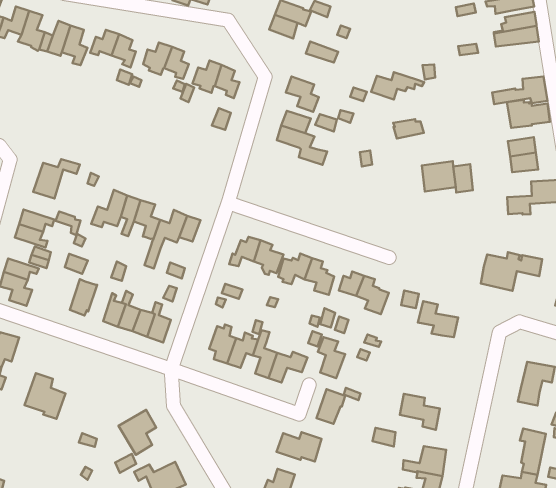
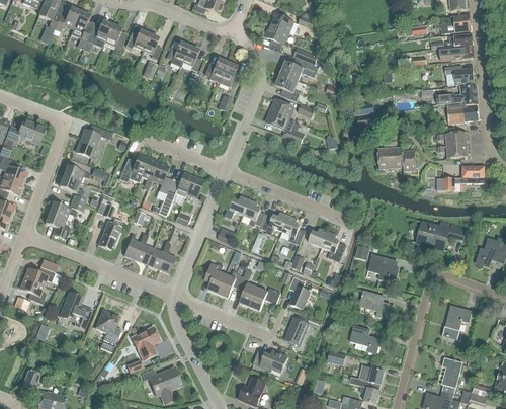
building: none -> [444,62,474,84]
building: [371,72,424,100] -> [280,59,322,80]
building: none -> [358,289,390,318]
building: none -> [95,310,120,343]

